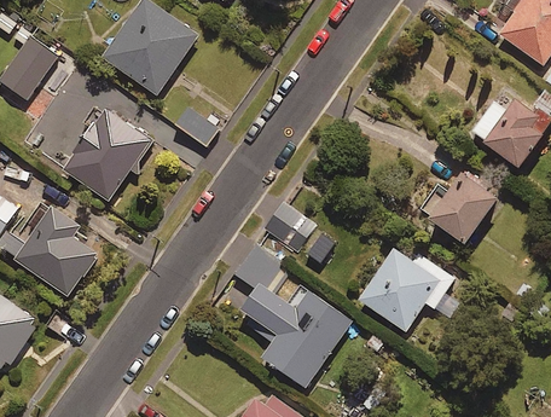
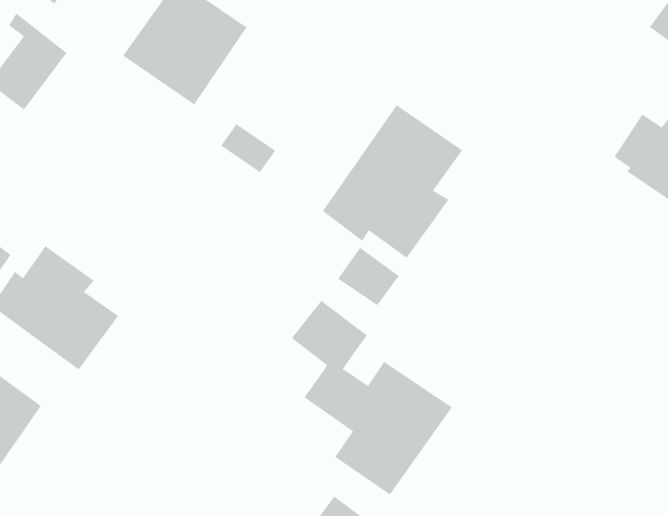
building: none -> [322,104,463,259]
building: [68,108,153,198] -> none
building: [414,173,497,245] -> none
building: [358,247,453,331] -> none

